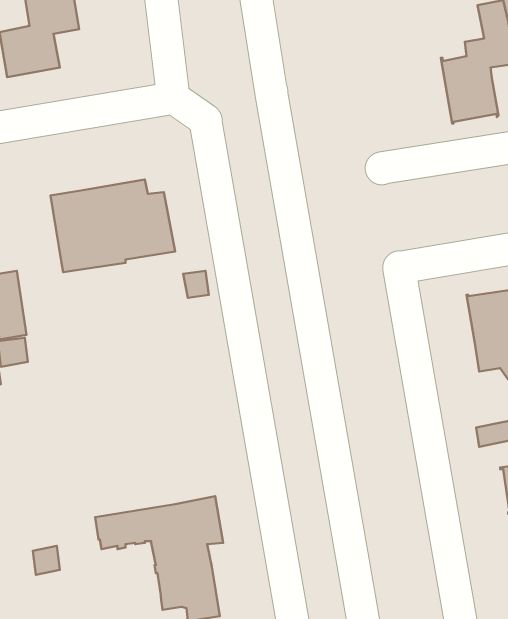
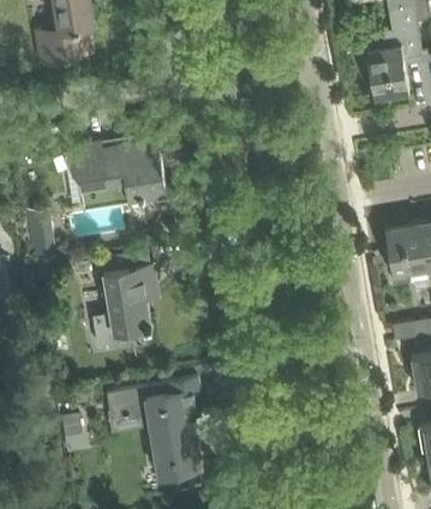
building: none -> [91,264,156,346]

